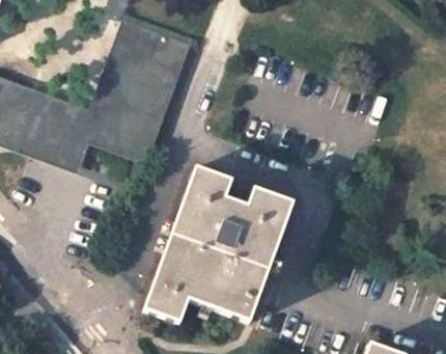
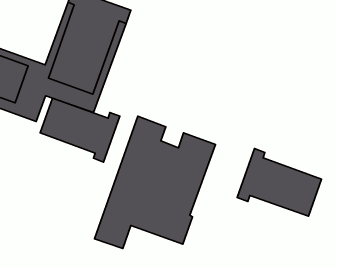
building: none -> [40,98,120,162]
building: none -> [237,148,321,216]

